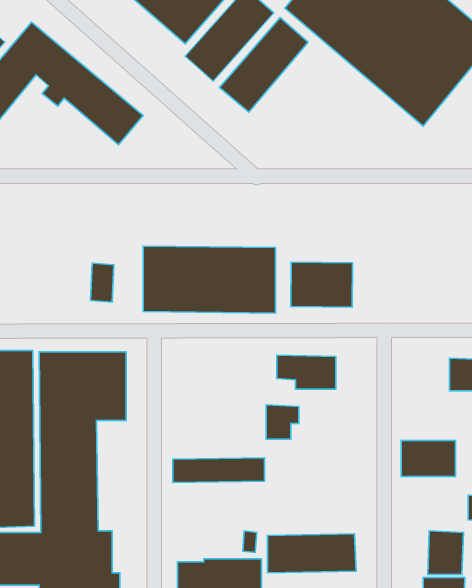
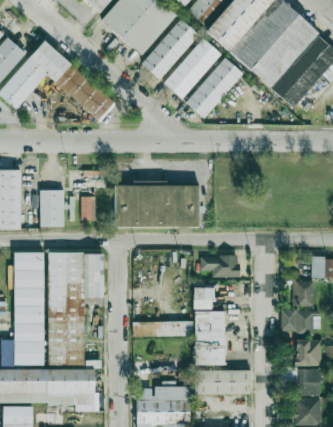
building: none -> [186,58,244,118]
building: none -> [41,190,65,227]
building: [291,262,353,307] -> none
building: none -> [293,281,315,306]
building: none -> [194,311,226,365]
building: none -> [296,339,322,366]

